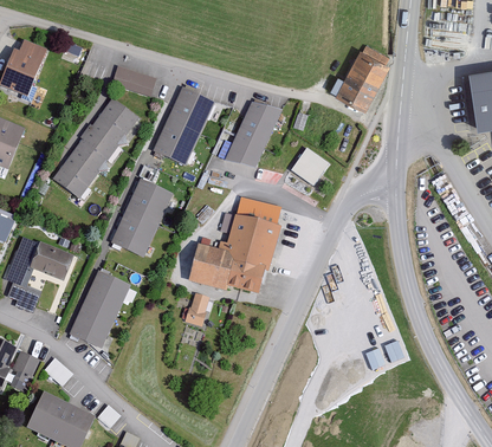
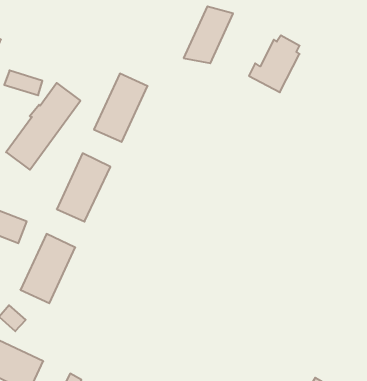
building: [111,66,155,95] -> [4,70,42,95]
building: [226,98,283,163] -> [184,6,233,63]
building: [293,143,332,181] -> none
building: [188,196,281,294] -> none
building: [184,292,209,326] -> none

